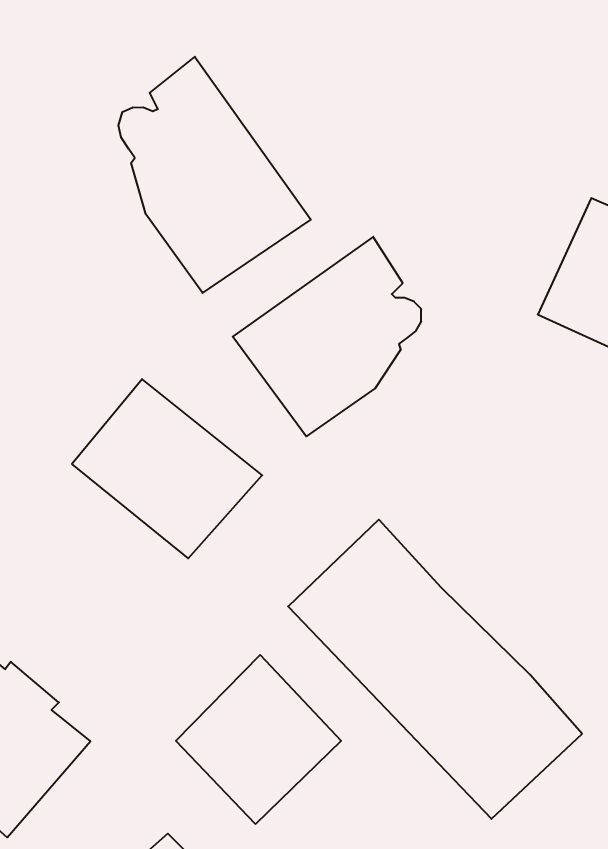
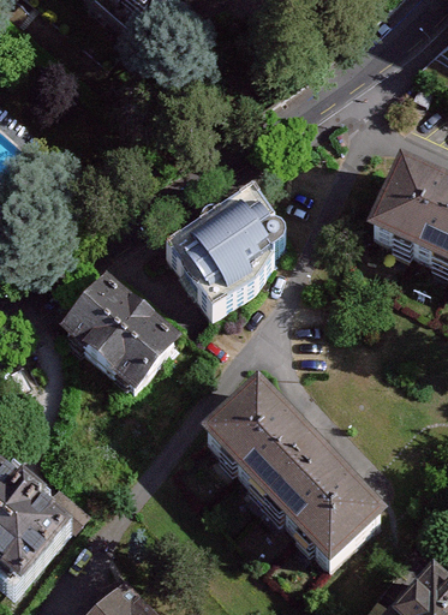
building: [118,57,311,293] -> none
building: [176,655,341,824] -> none

